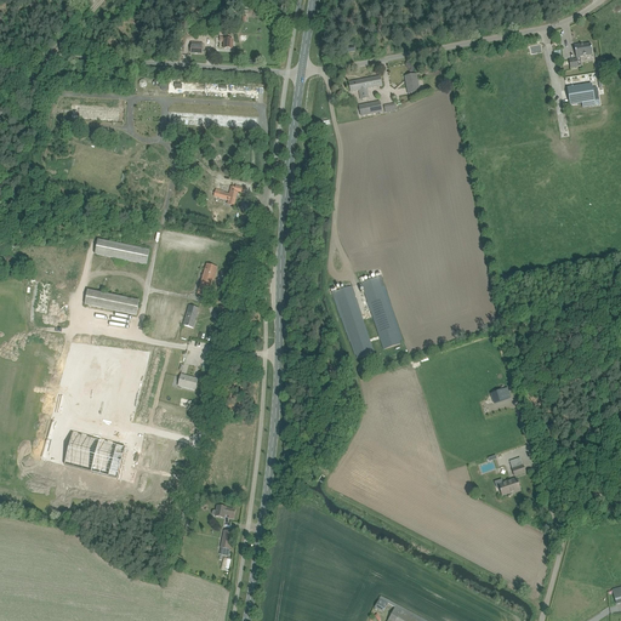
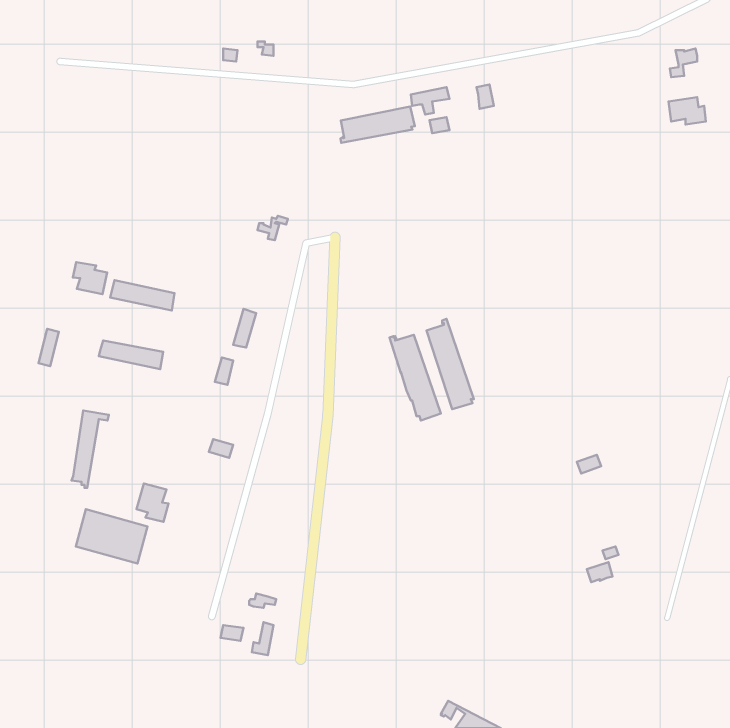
building: none -> [340,107,415,143]
building: none -> [73,262,107,294]
building: none -> [137,483,169,522]

